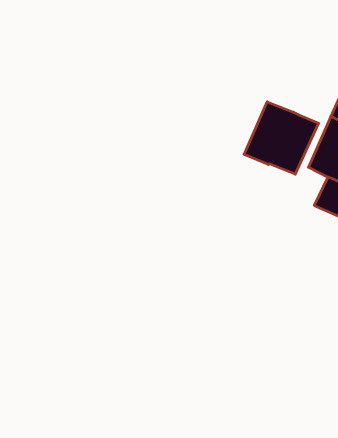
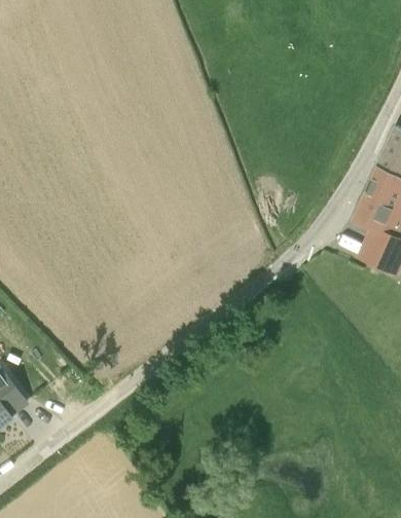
building: [244,102,319,174] -> none

